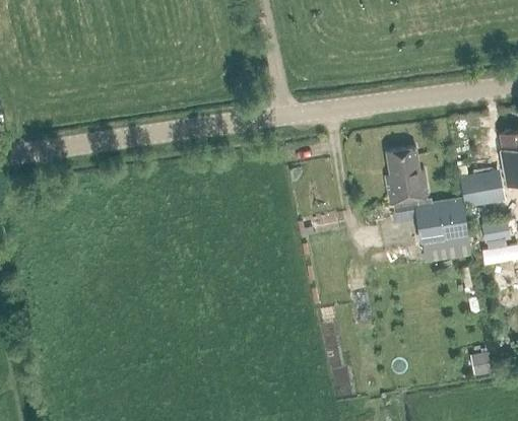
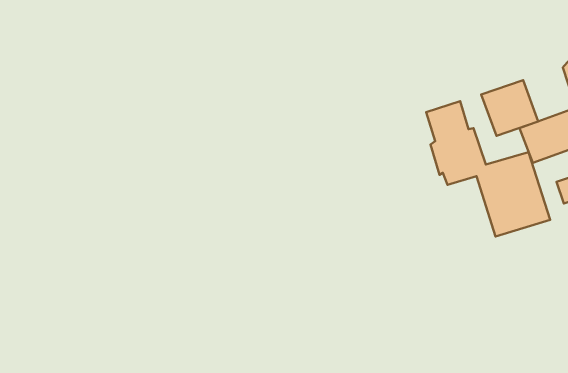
building: none -> [481,80,538,136]

